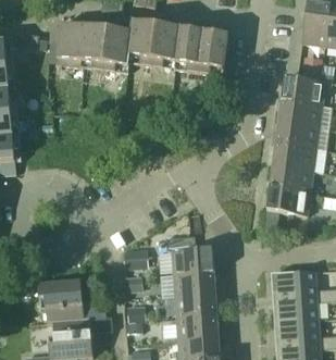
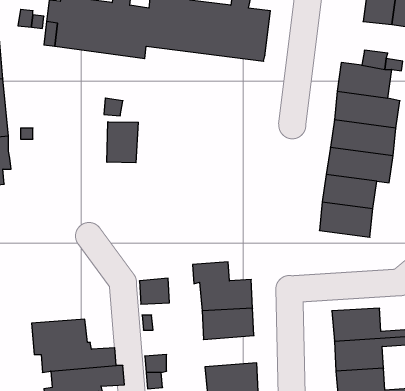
building: none -> [107,122,138,163]
building: [174,291,216,316] -> none

